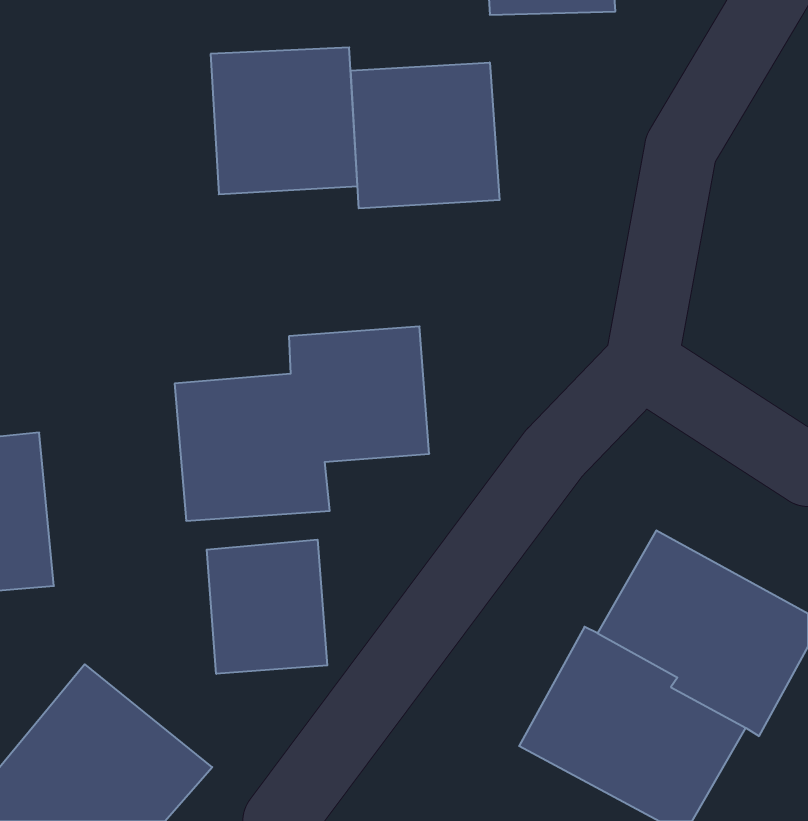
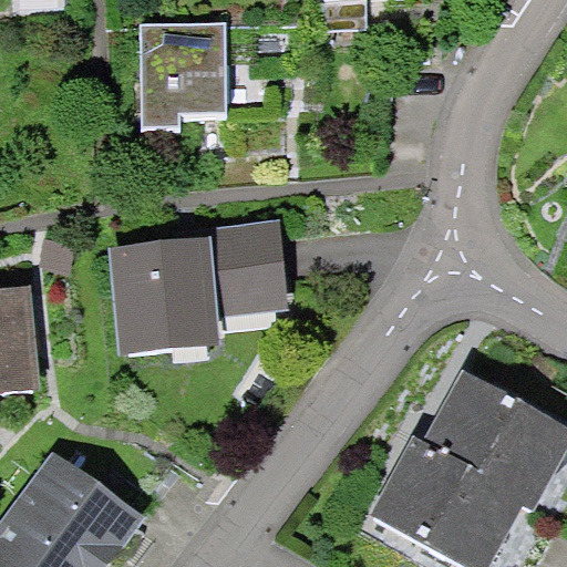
building: [351,62,500,208] -> none
building: [207,540,327,674] -> none

